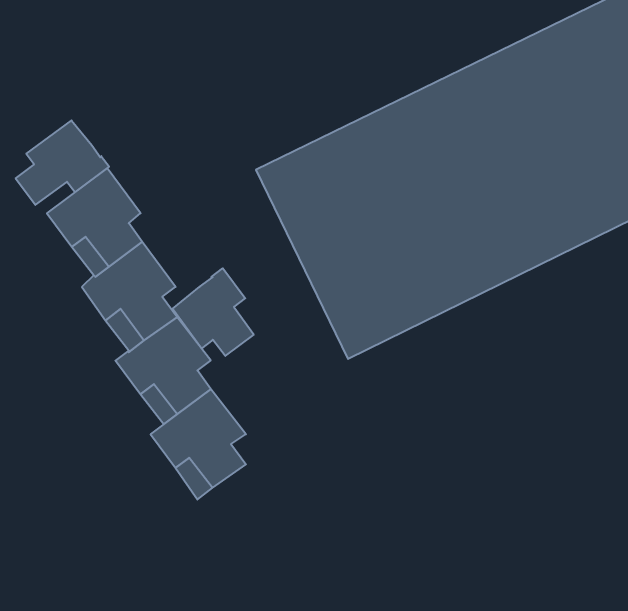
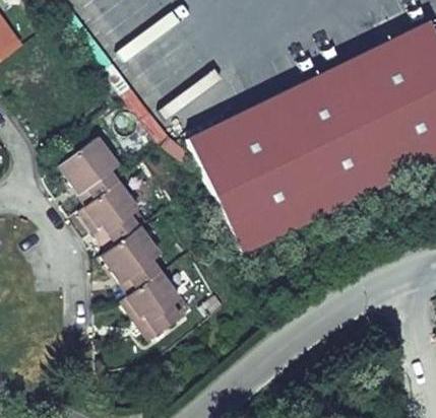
building: [16,120,109,205] -> none
building: [172,268,254,356] -> none

